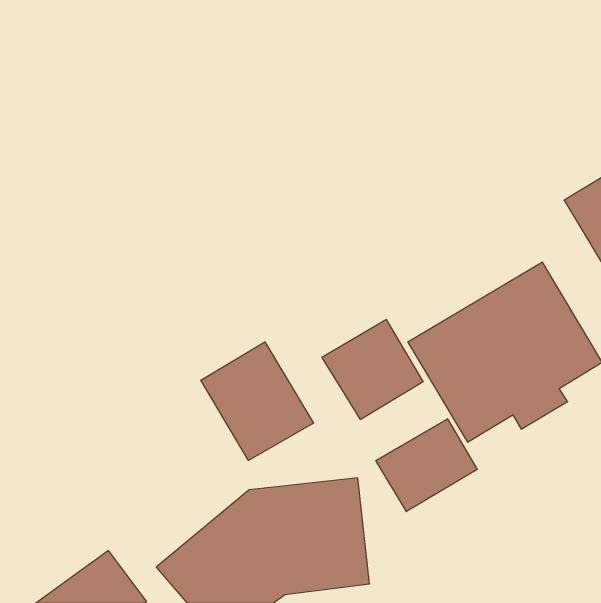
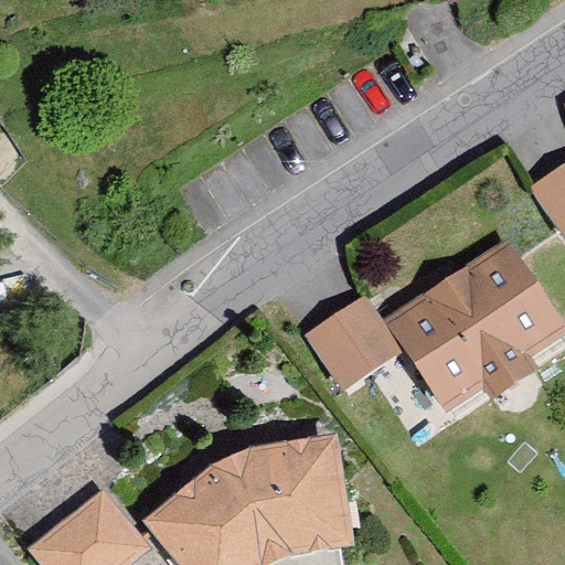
building: [201,342,314,460] -> none
building: [376,419,477,512] -> none

